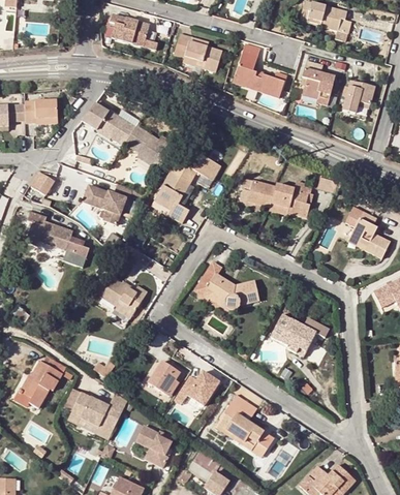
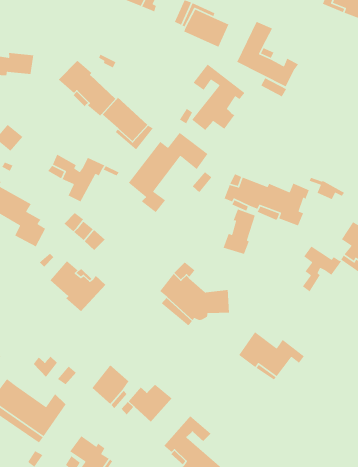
building: [303,62,335,106] -> none
building: none -> [191,63,246,131]
building: none -> [223,208,256,255]
building: none -> [302,245,342,292]

